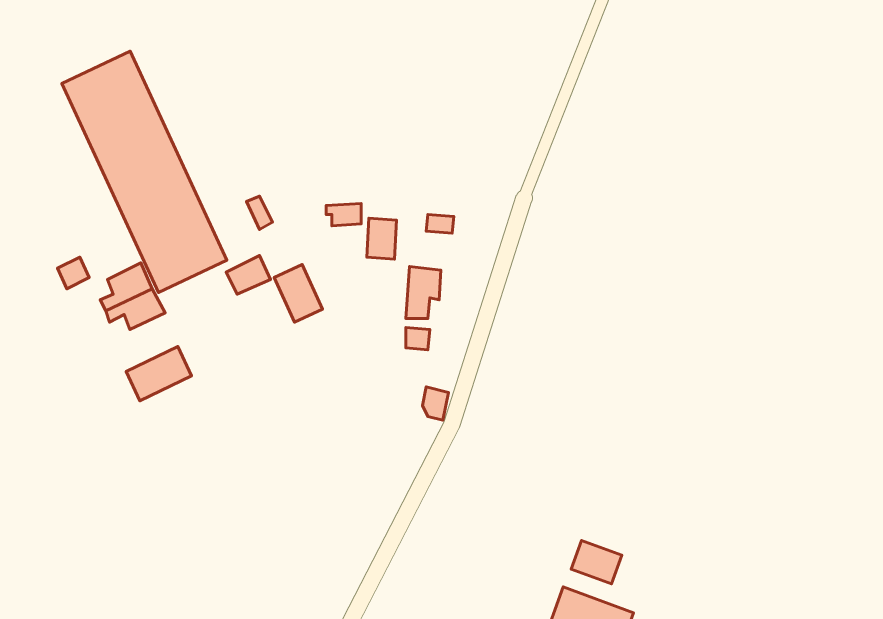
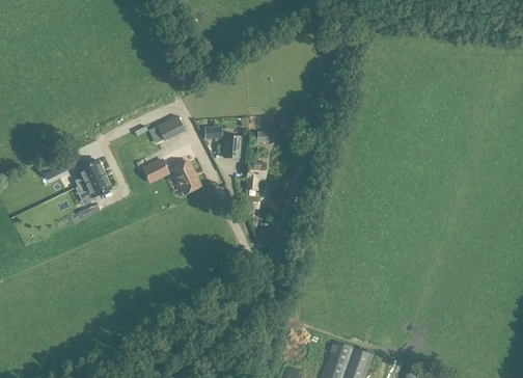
building: [62,51,227,293] -> none
building: [126,347,191,401] -> none
building: [571,541,622,584] -> none

